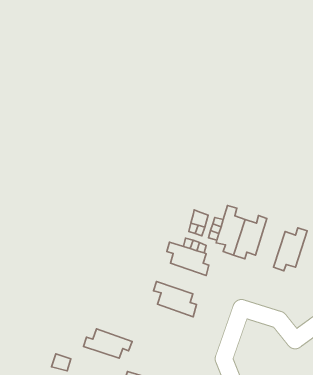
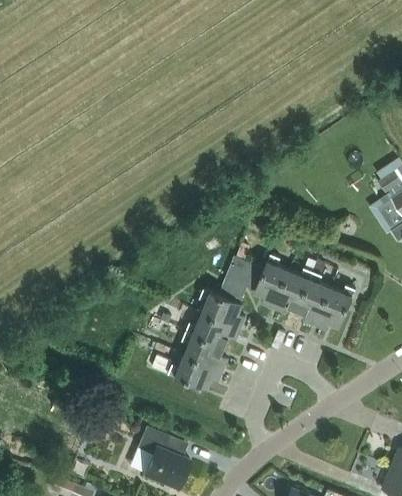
building: none -> [296,272,331,326]
building: none -> [185,312,240,348]
building: [83,329,132,358] -> [168,356,222,390]

